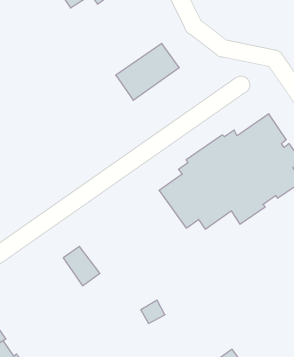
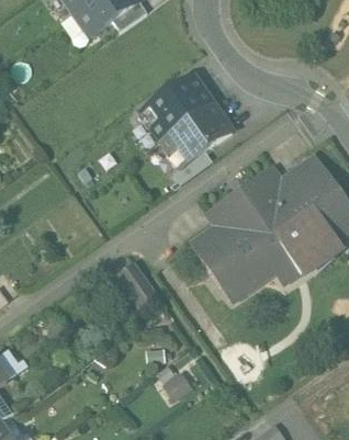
building: none -> [160,103,232,168]
building: [63,246,100,286] -> [115,262,157,307]

